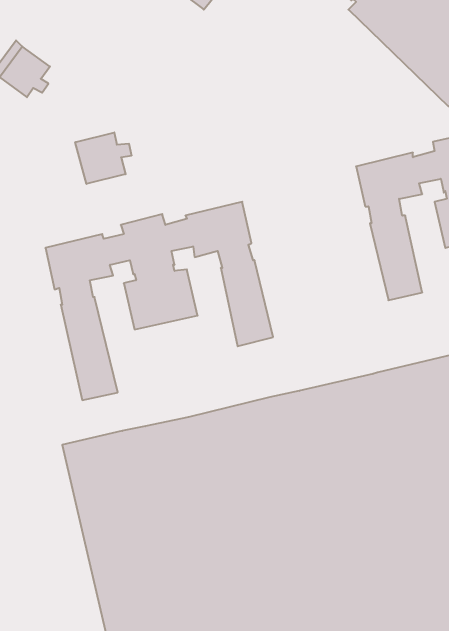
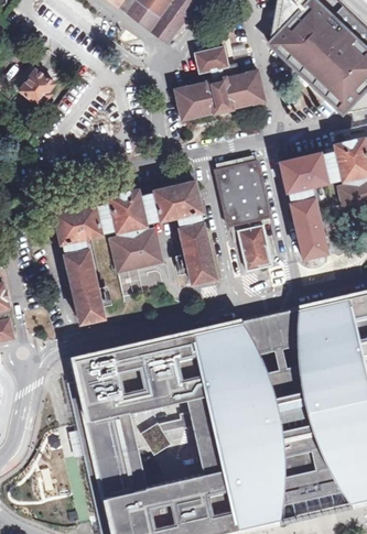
building: none -> [174,47,265,120]
building: [75,132,131,184] -> none
building: none -> [215,162,271,272]

